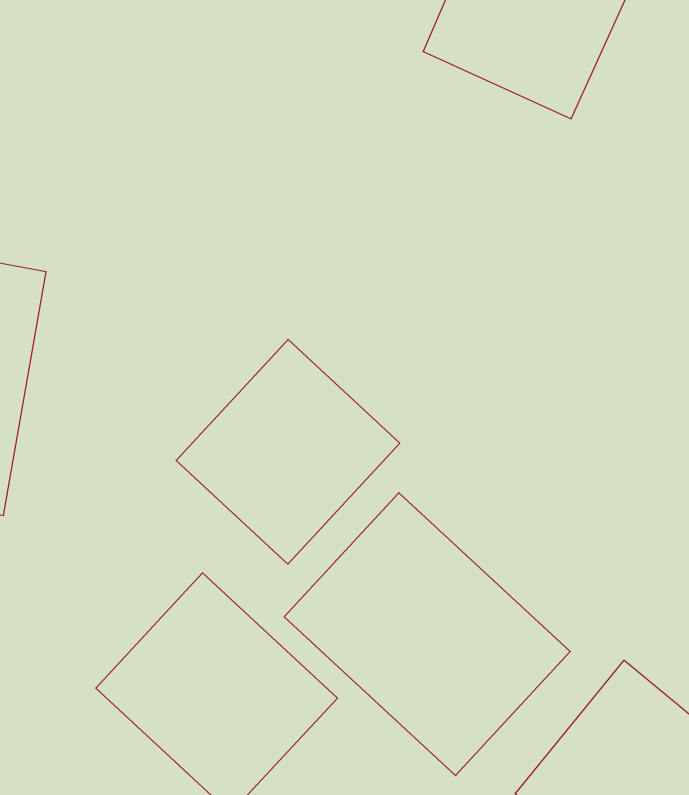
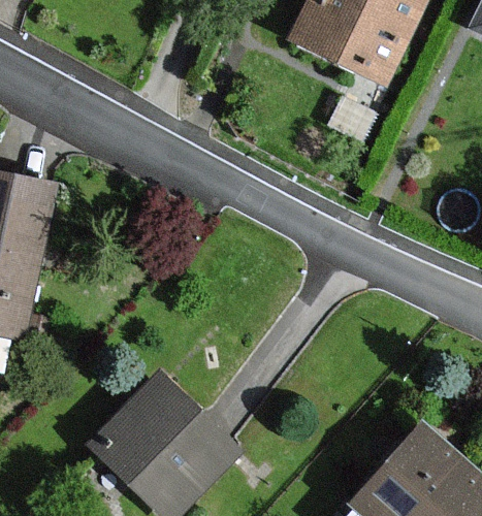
building: [176,339,400,564] -> none
building: [284,493,570,776] -> none

